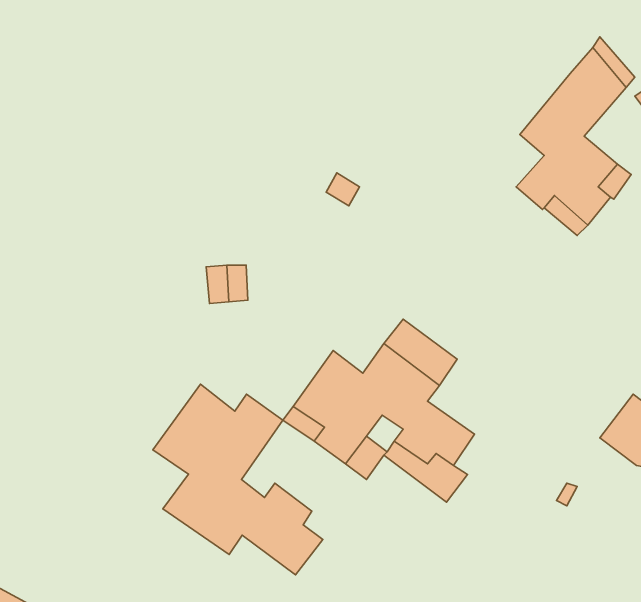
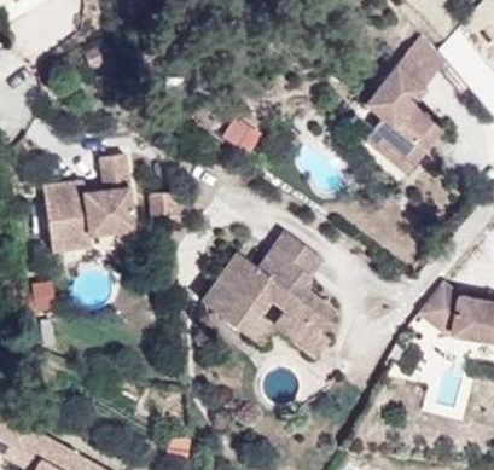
building: none -> [42,155,133,250]
building: [153,384,323,575] -> none

